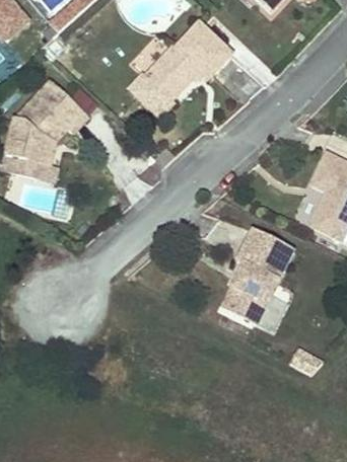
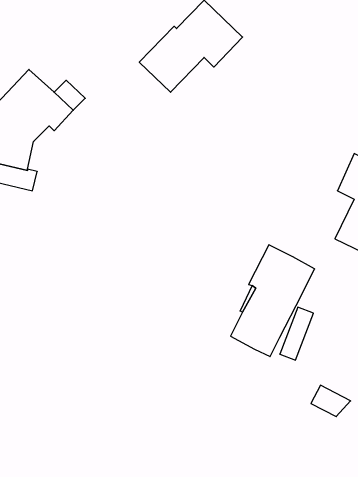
building: [128,73,172,117] -> none

